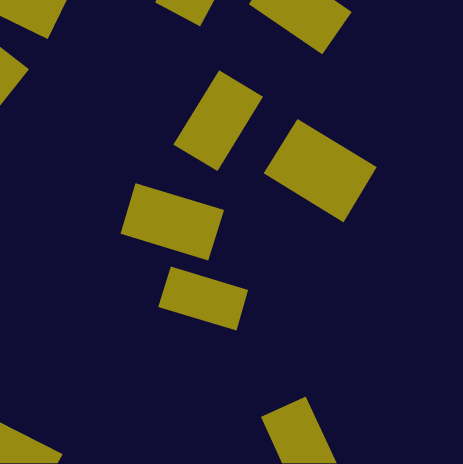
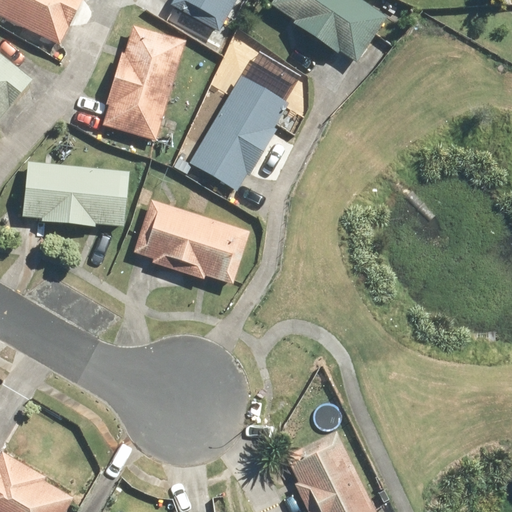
building: none -> [101,27,183,140]
building: [263,118,378,224] -> none
building: none -> [21,161,128,231]
building: [157,266,249,332] -> none

